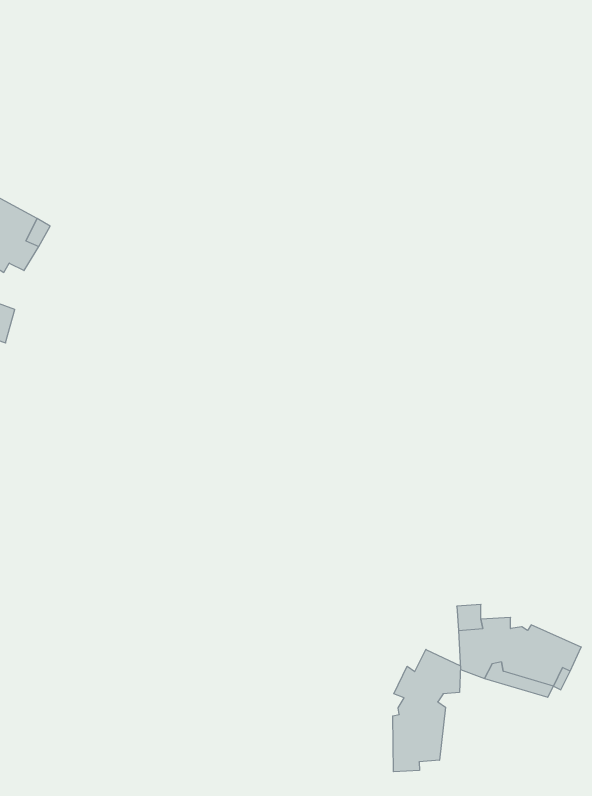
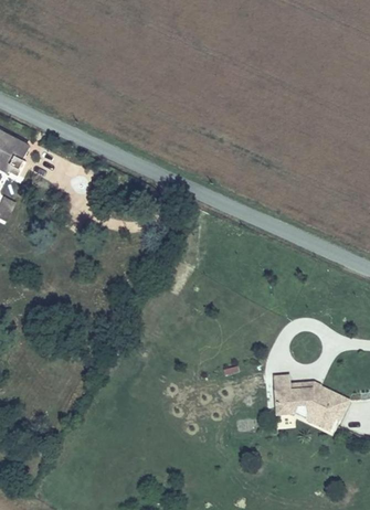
building: [393,649,460,772] -> none

